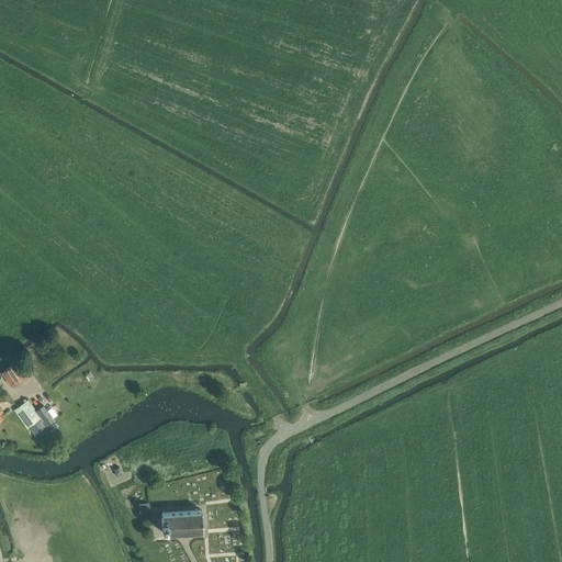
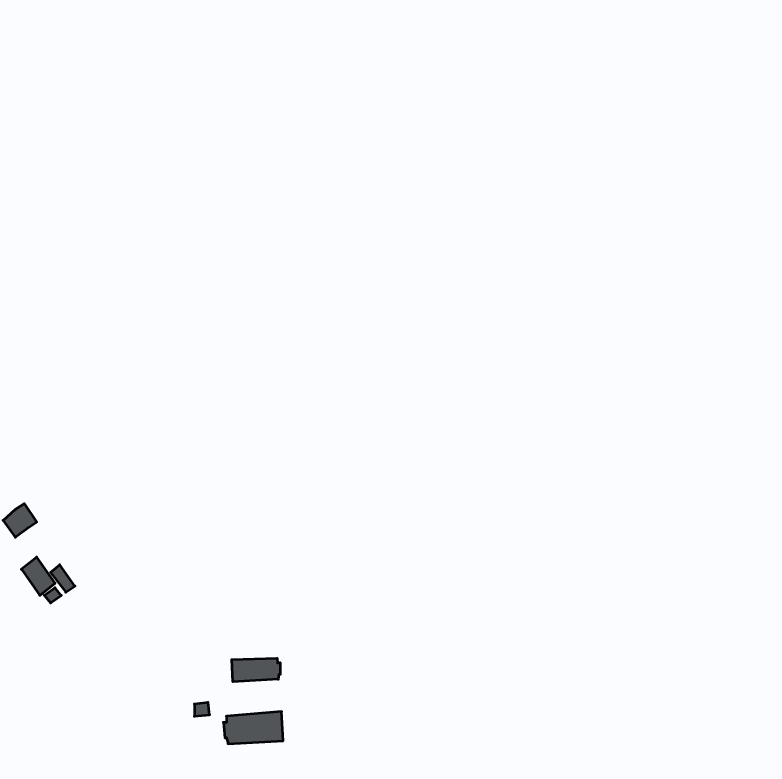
building: none -> [232,658,280,682]

